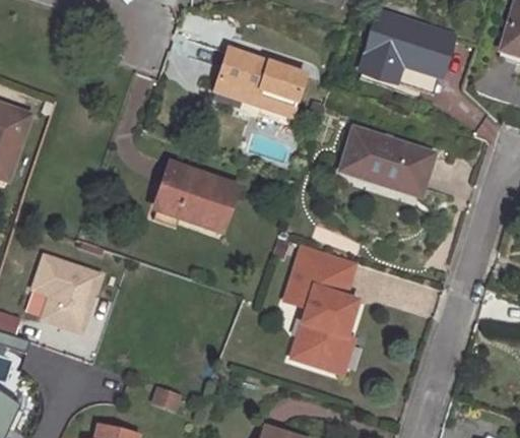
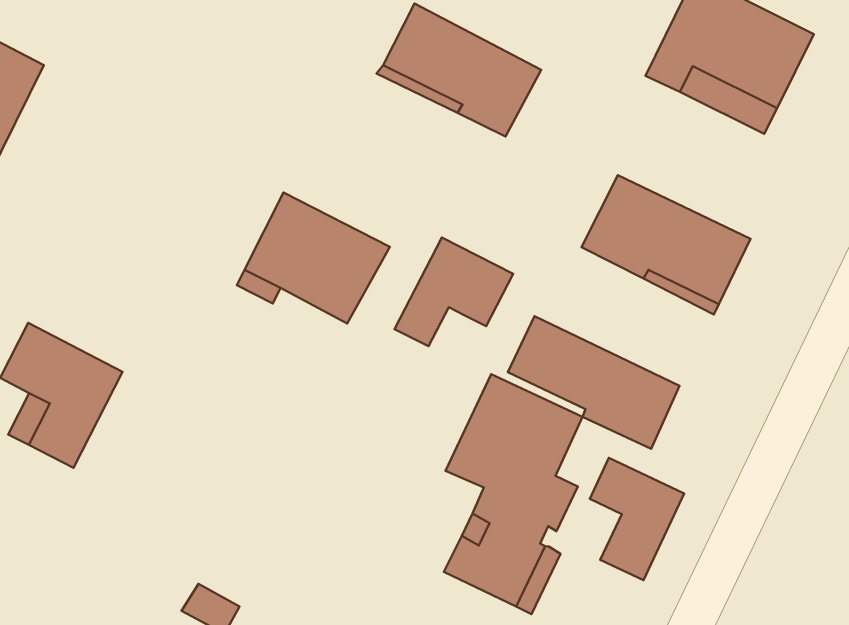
building: none -> [395,237,513,346]
building: none -> [508,316,680,449]
building: none -> [590,458,684,580]

